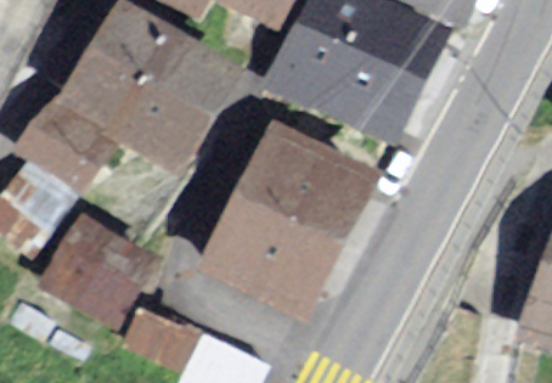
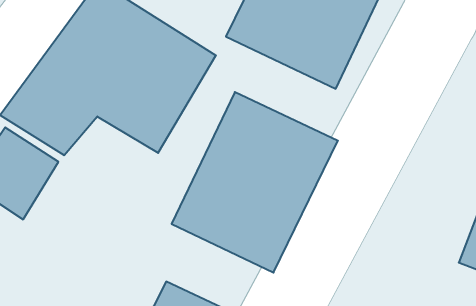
building: [38,215,167,354] -> none

